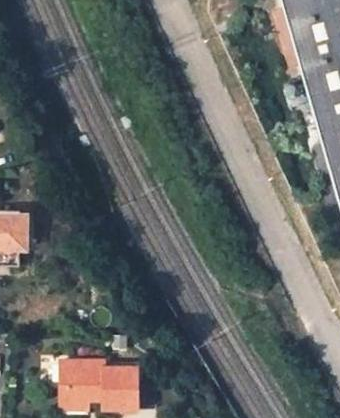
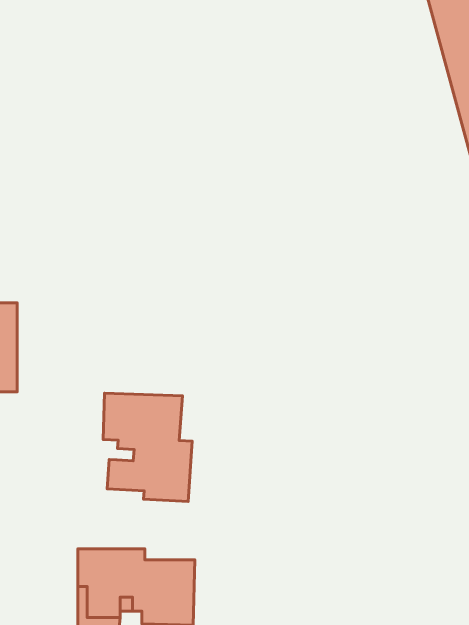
building: none -> [103,393,192,502]

